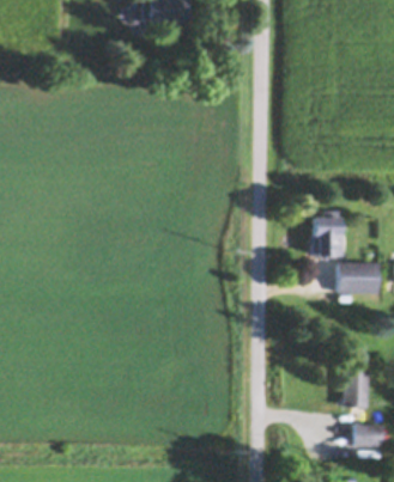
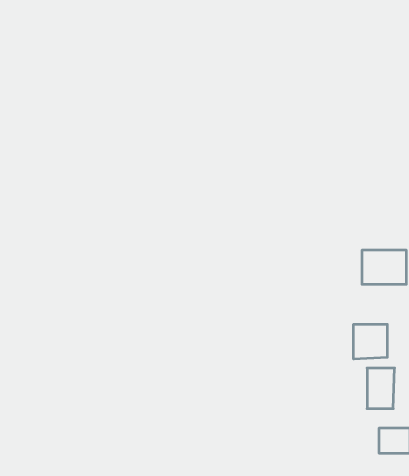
building: [313,212,343,261] -> none
building: none -> [354,324,387,359]

